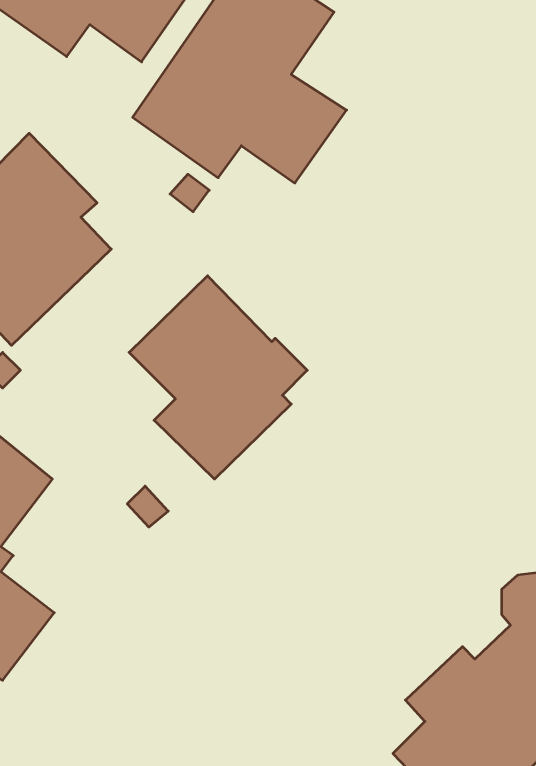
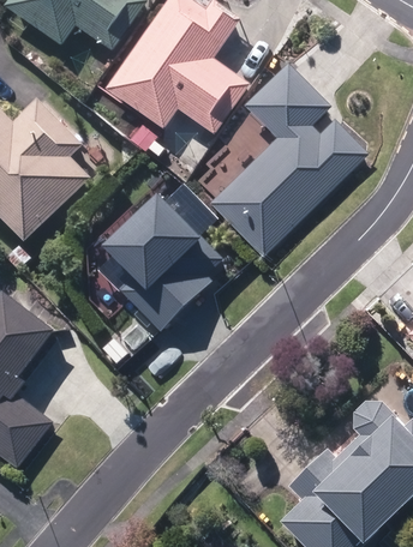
building: none -> [211,66,369,258]

